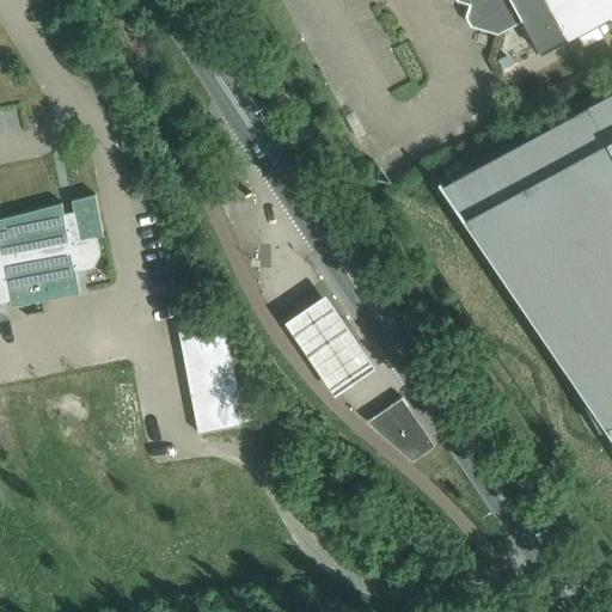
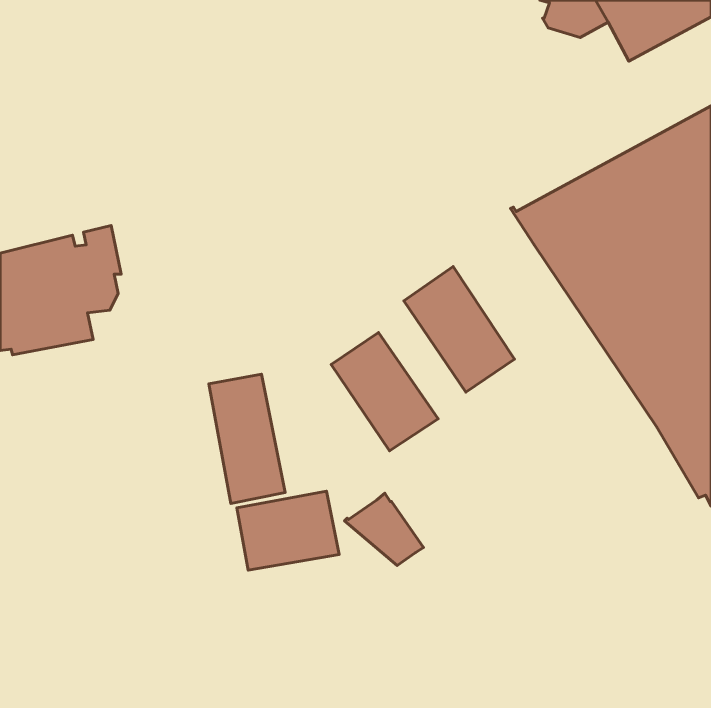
building: none -> [404,266,514,392]
building: [367,399,435,461] -> [344,493,424,565]
building: none -> [237,491,339,570]

